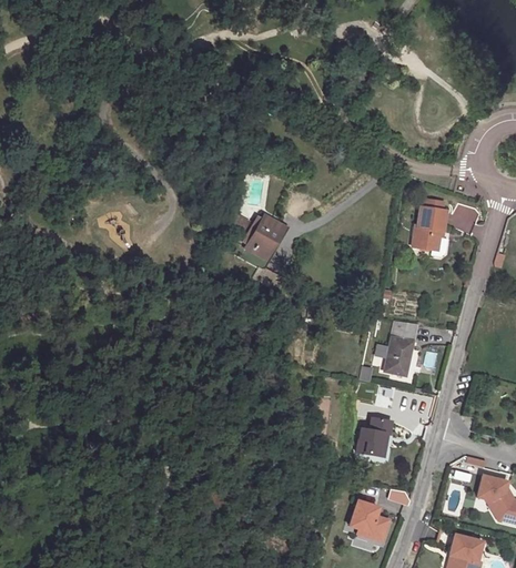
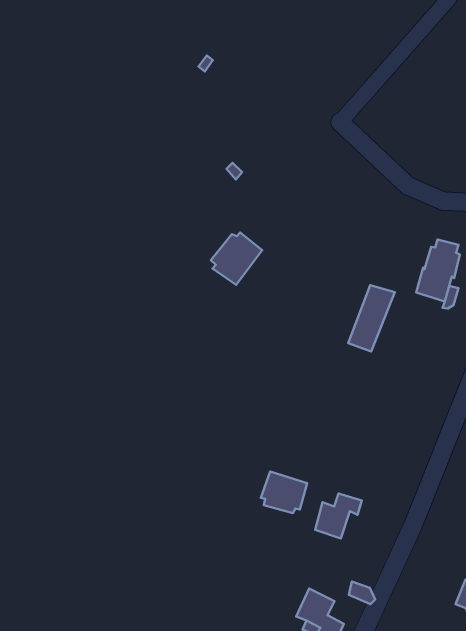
building: [385,321,418,375] -> [348,285,395,352]
building: none -> [261,472,307,513]

